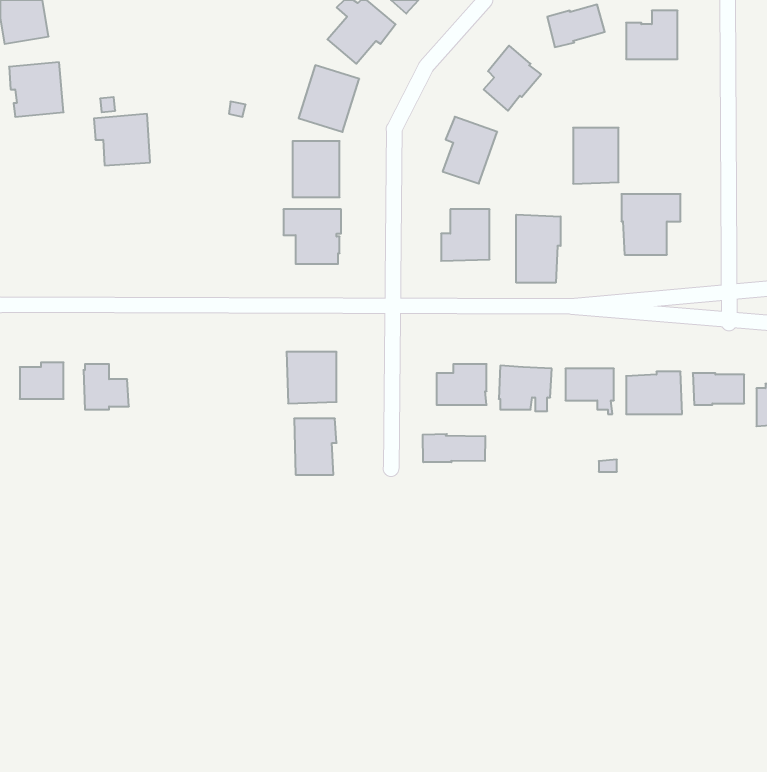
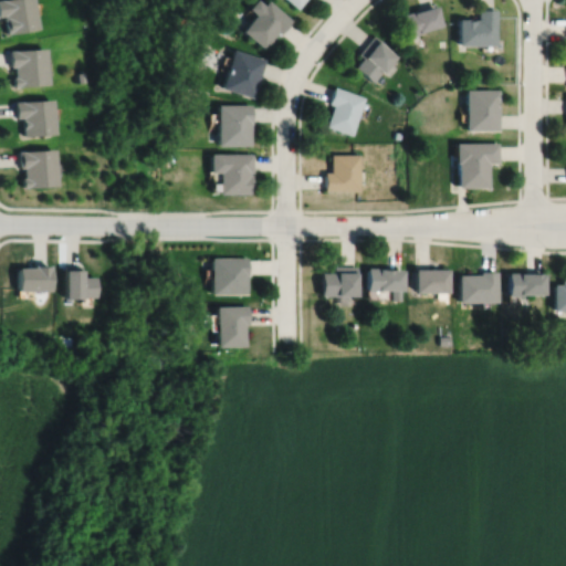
building: [94,114,150,165] -> [18,99,59,137]
building: [573,128,619,184] -> [469,91,502,132]
building: none -> [21,149,61,189]
building: [516,215,561,283] -> none
building: [423,434,485,462] -> none

